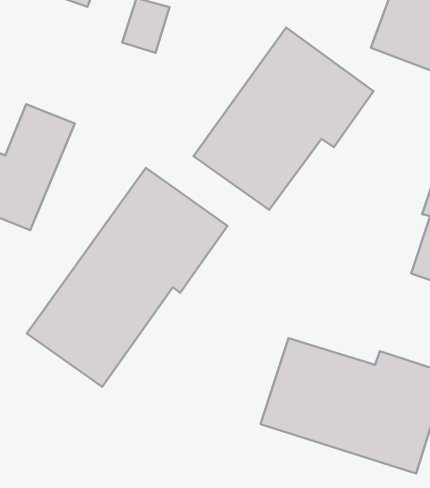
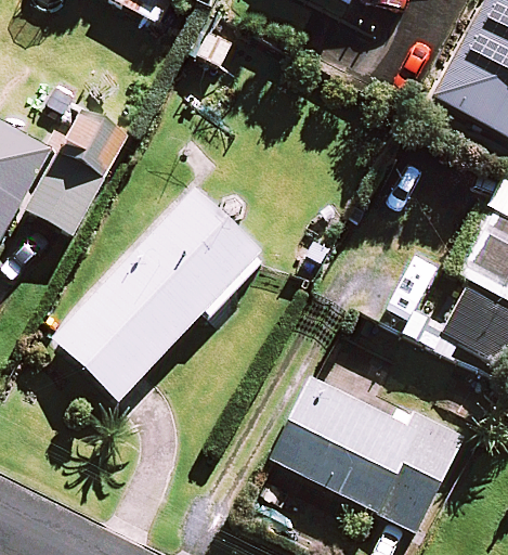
building: [194,27,374,210] -> none

